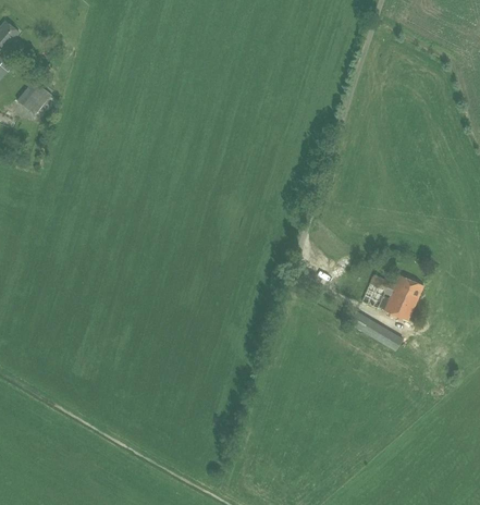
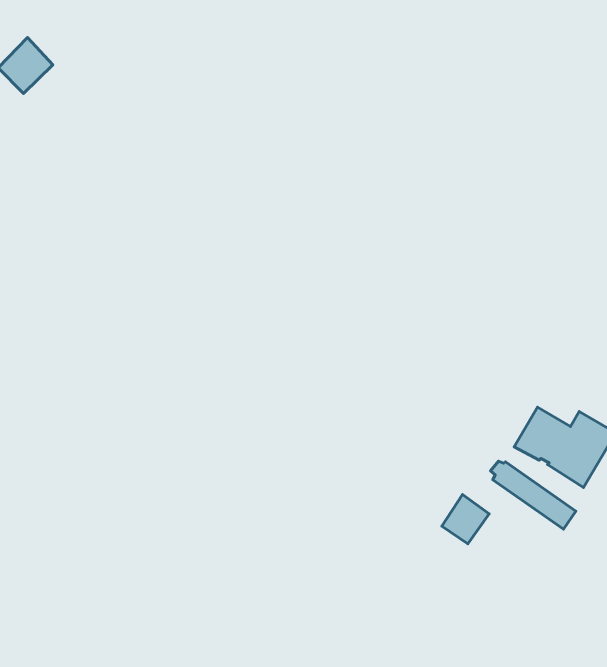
building: none -> [442,495,489,544]

